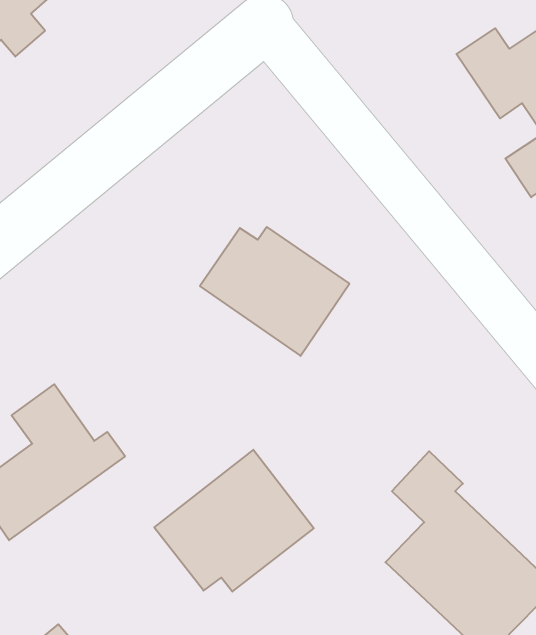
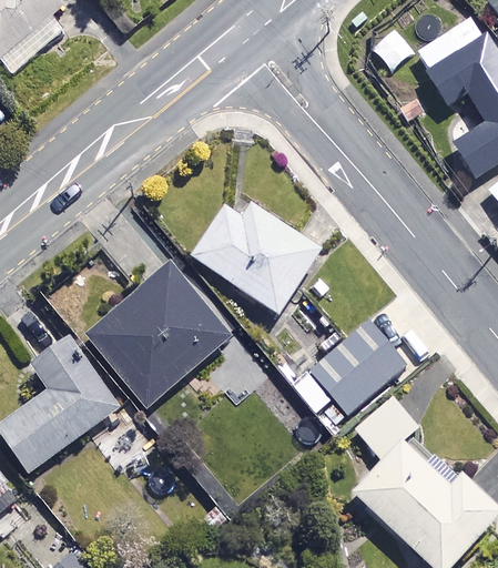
building: none -> [87,263,232,407]
building: none -> [293,318,405,414]
building: [154,450,314,592] -> none

